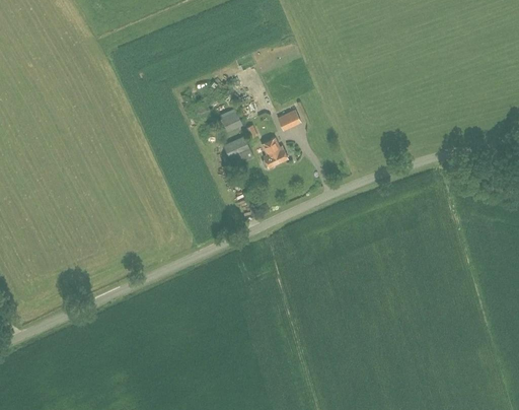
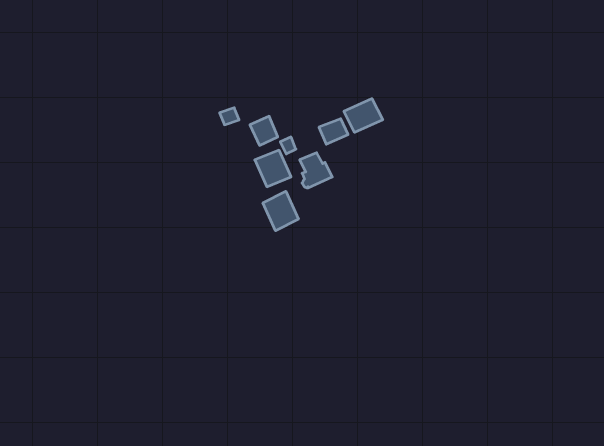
building: none -> [344,99,383,132]
building: none -> [263,191,298,231]

